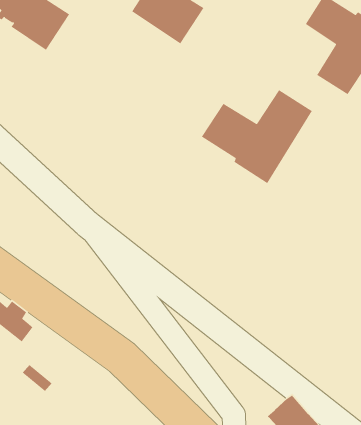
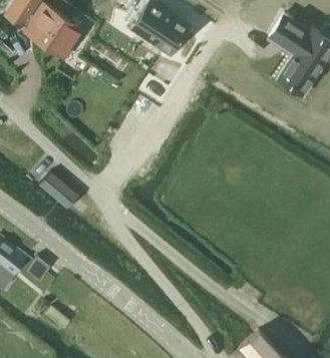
building: [201,89,313,184] -> none
building: none -> [39,171,79,209]

